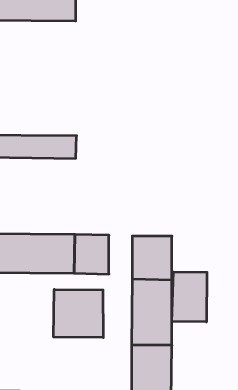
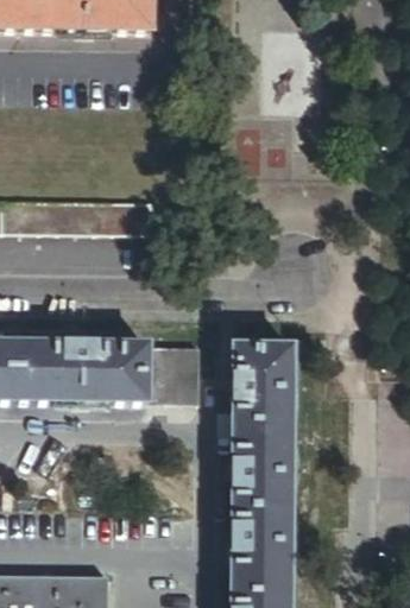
building: [172,272,207,322] -> none
building: [54,289,103,338] -> none

